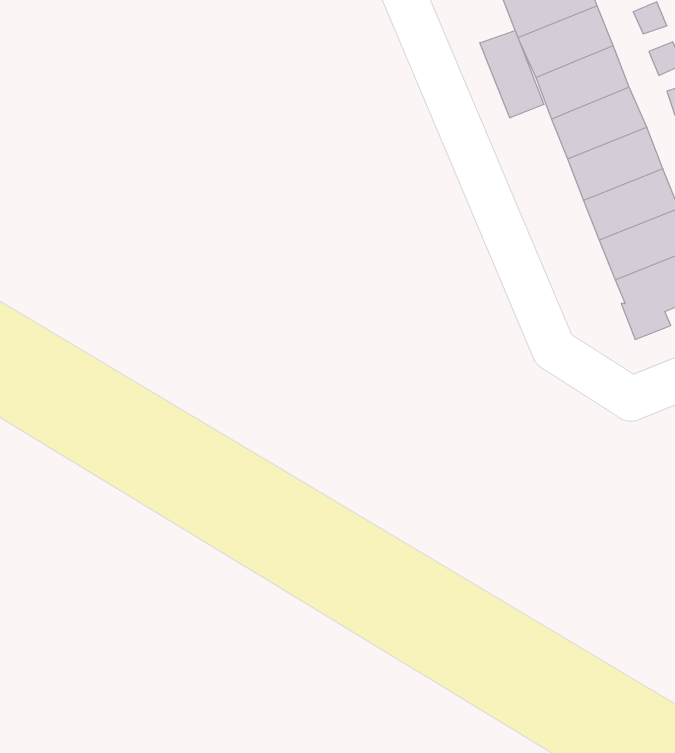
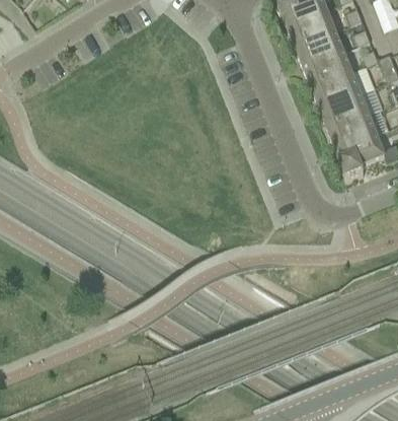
building: [480,31,544,118] -> none

